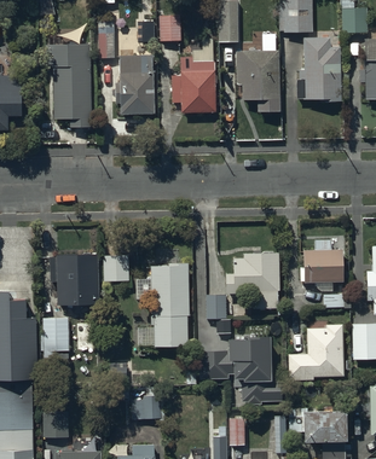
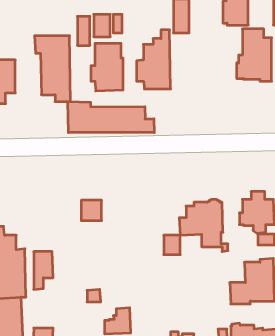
building: [160,13,180,41] -> [94,14,110,37]
building: [236,52,279,112] -> none
building: none -> [68,102,154,133]
building: [48,250,99,302] -> none
building: [138,263,189,348] -> none
building: [199,337,283,405] -> none

